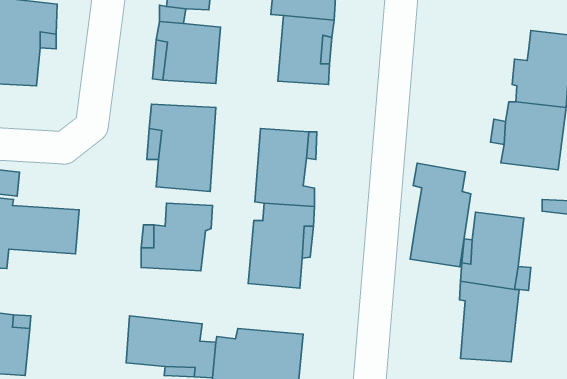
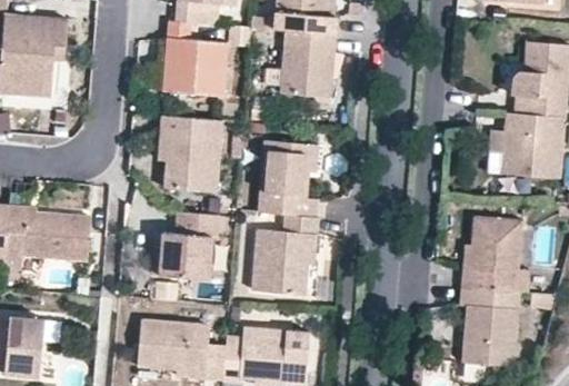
building: [410,163,471,267] -> none

